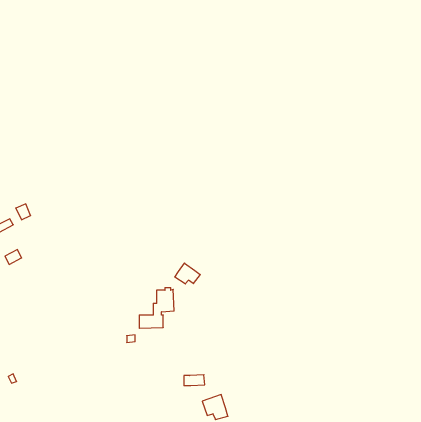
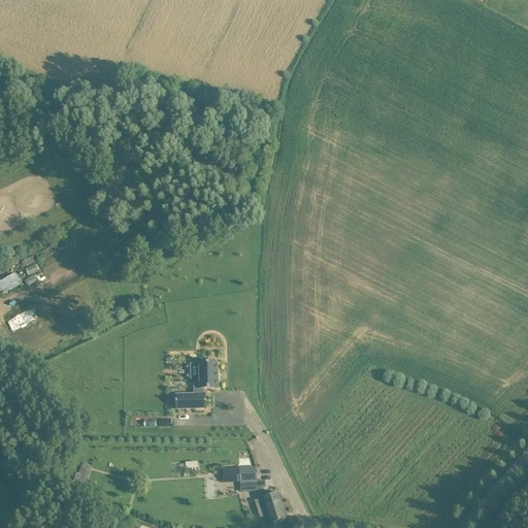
building: [175,263,200,284] -> none

